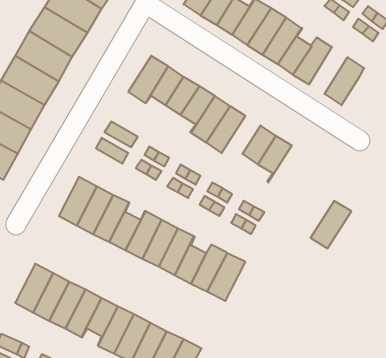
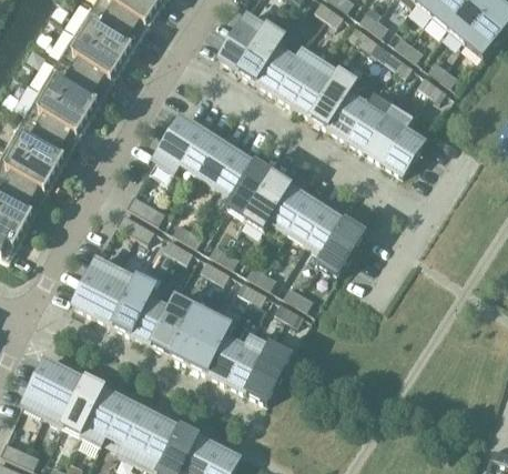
building: none -> [364,104,408,159]
building: none -> [262,184,307,229]
building: [311,201,351,248] -> [316,219,364,274]

